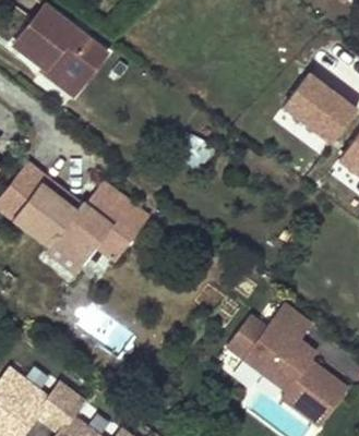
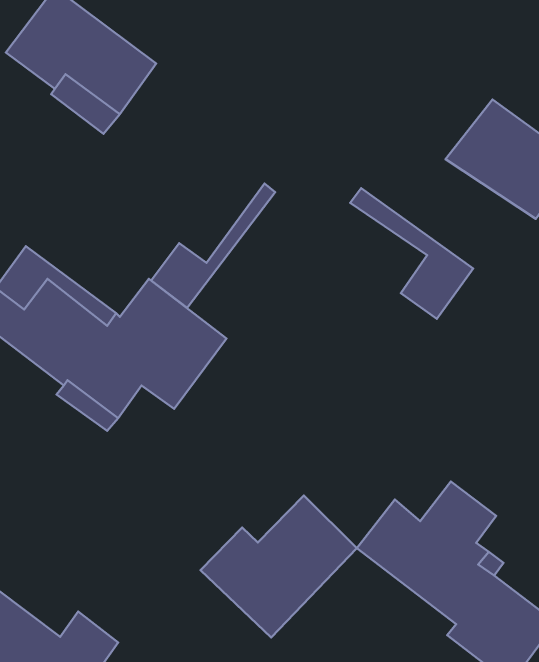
building: none -> [151,184,275,308]
building: none -> [350,188,473,319]
building: none -> [201,496,357,638]

